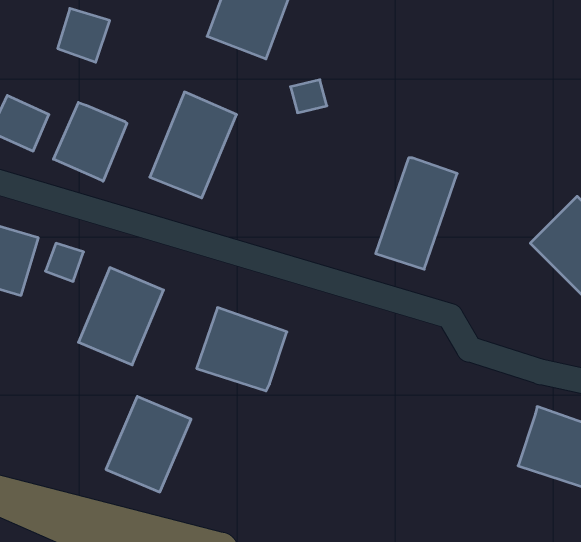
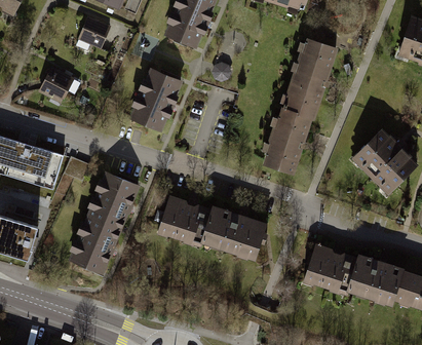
building: none -> [284,38,336,116]
building: [53,102,127,181] -> none
building: none -> [200,204,265,258]
building: none -> [304,244,357,293]
building: [106,396,191,492] -> [69,216,119,272]

